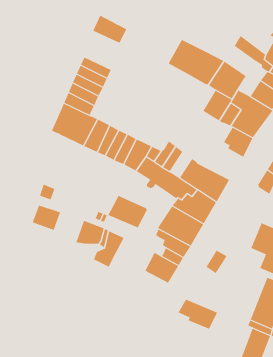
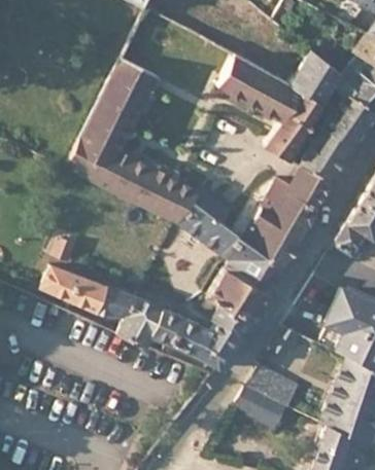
building: [93,15,127,44] -> [112,58,157,95]
building: none -> [292,64,333,103]
building: none -> [258,180,316,236]
building: [108,195,148,228] -> [150,310,202,352]
building: none -> [74,277,111,316]
building: none -> [242,367,294,405]

